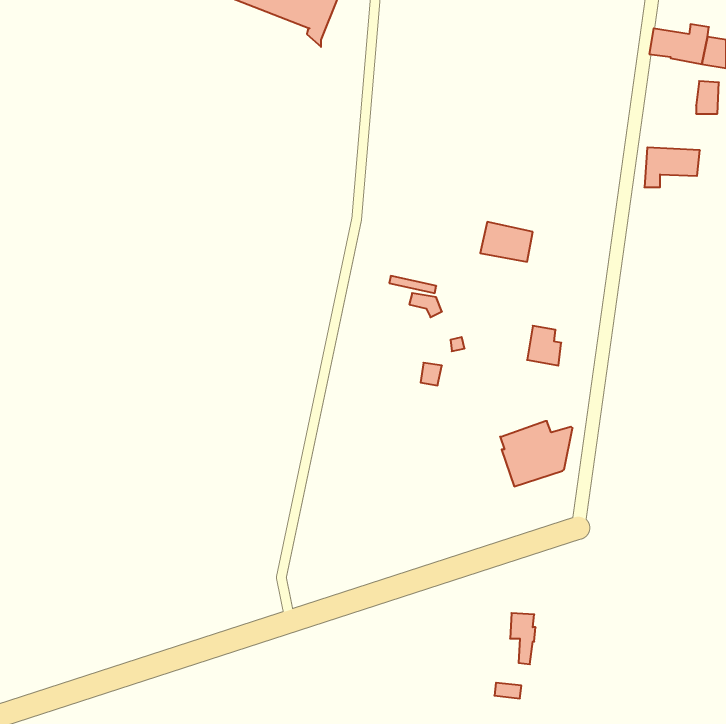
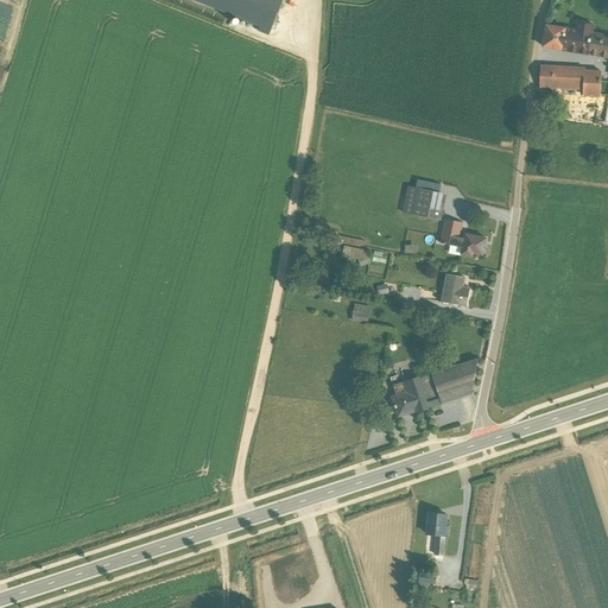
building: [644,147,700,187] -> [538,64,584,97]
building: none -> [439,217,486,254]
building: none -> [391,374,430,414]

